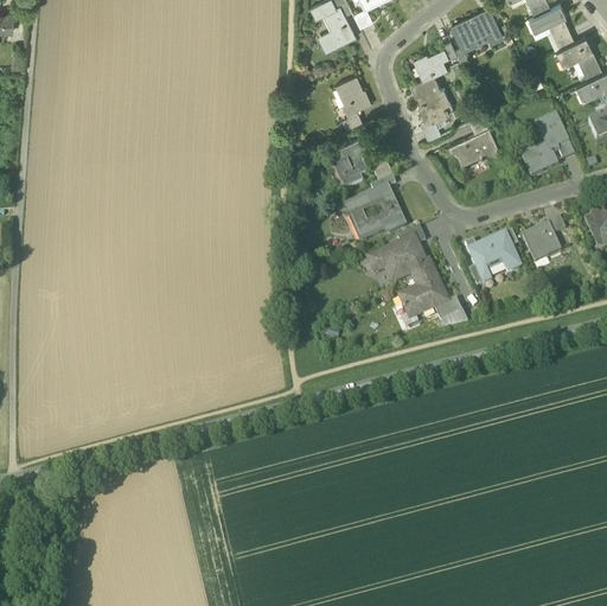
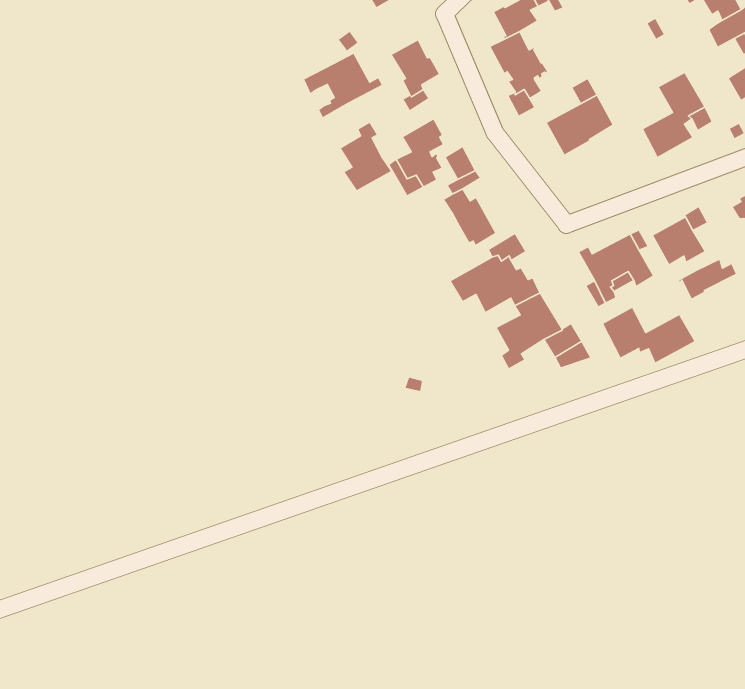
building: none -> [303,53,383,118]
building: none -> [340,122,391,191]
building: [344,196,383,241] -> none
building: none -> [678,259,737,299]
building: none -> [602,307,696,363]

